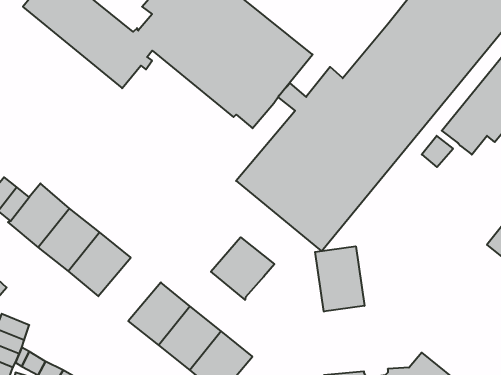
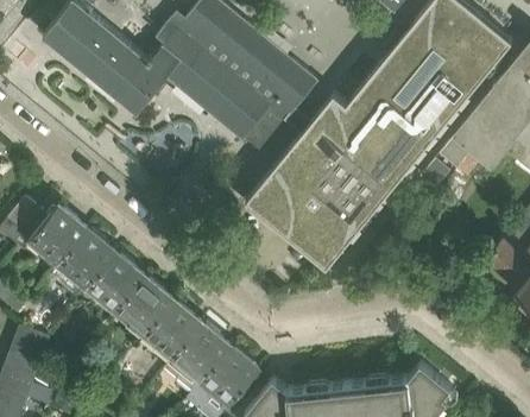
building: [211,237,274,300] -> none
building: [315,246,364,312] -> none
building: none -> [114,277,173,337]

